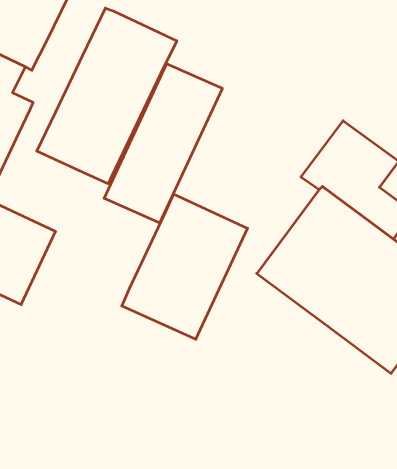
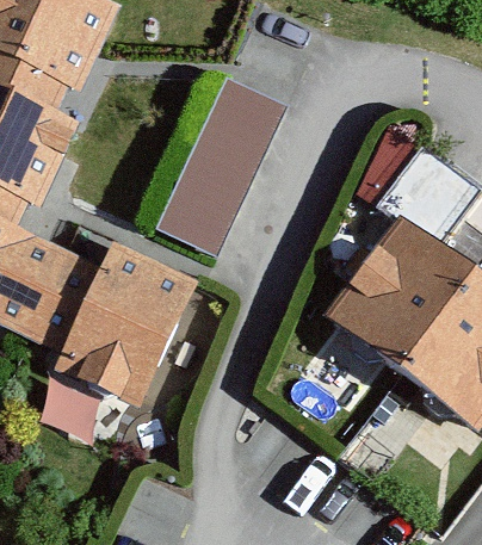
building: [37,8,177,184] -> none
building: [122,194,248,339] -> [55,243,194,404]

